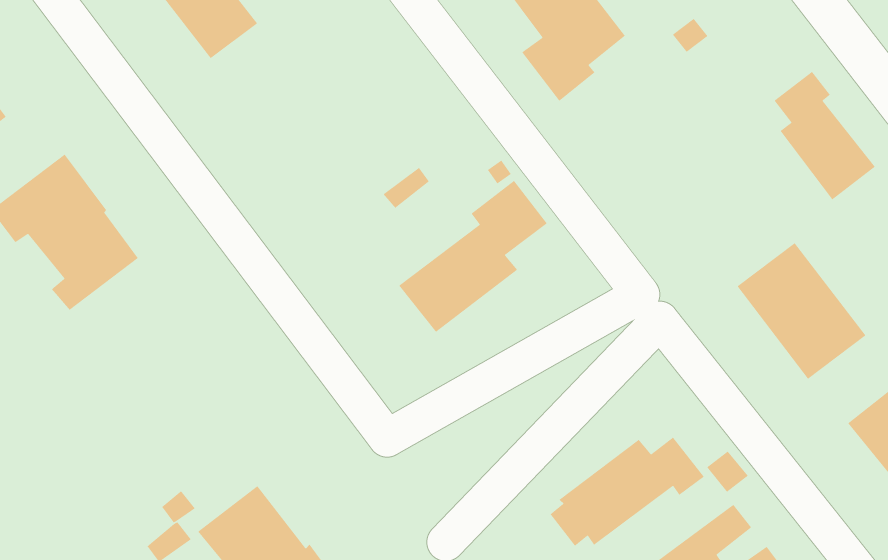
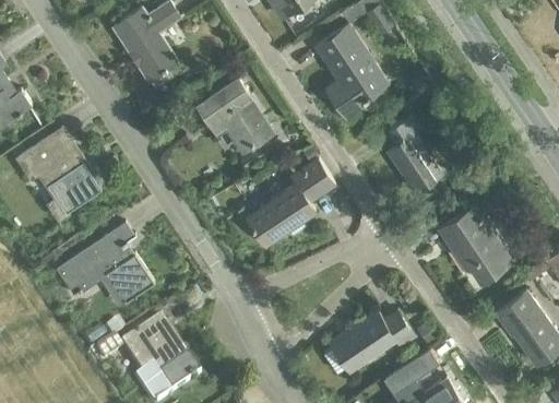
building: none -> [198,80,271,152]
building: [774,71,876,200] -> [385,118,441,192]
building: none -> [57,224,154,303]

